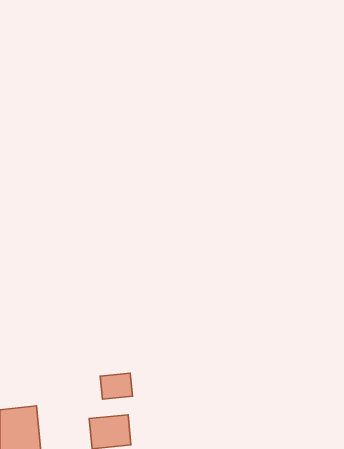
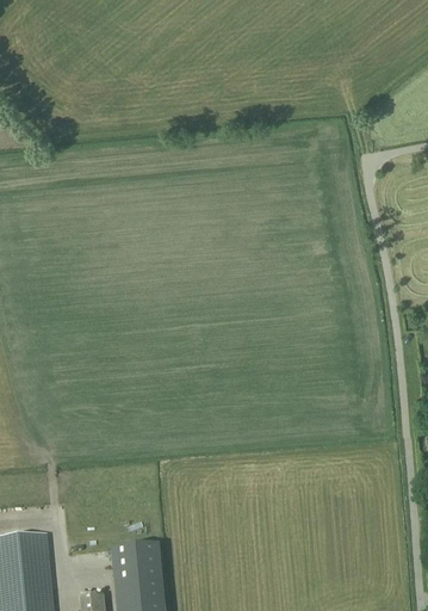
building: [100,373,133,399] -> none

